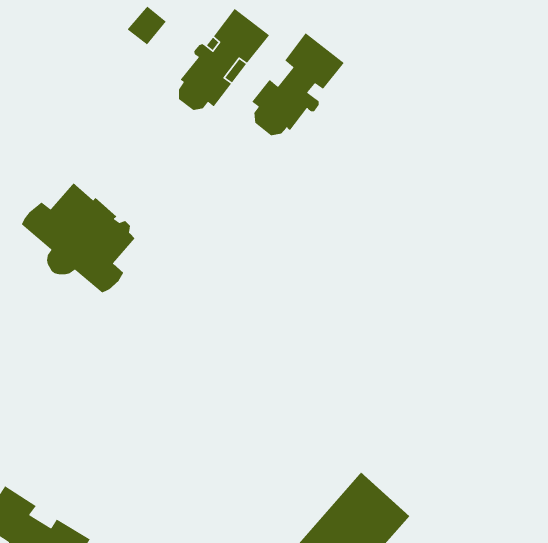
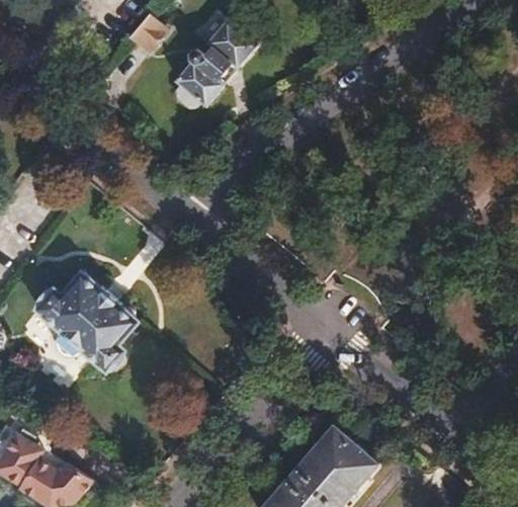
building: [251,32,345,136] -> none
building: [21,182,136,293] -> [31,268,133,366]

